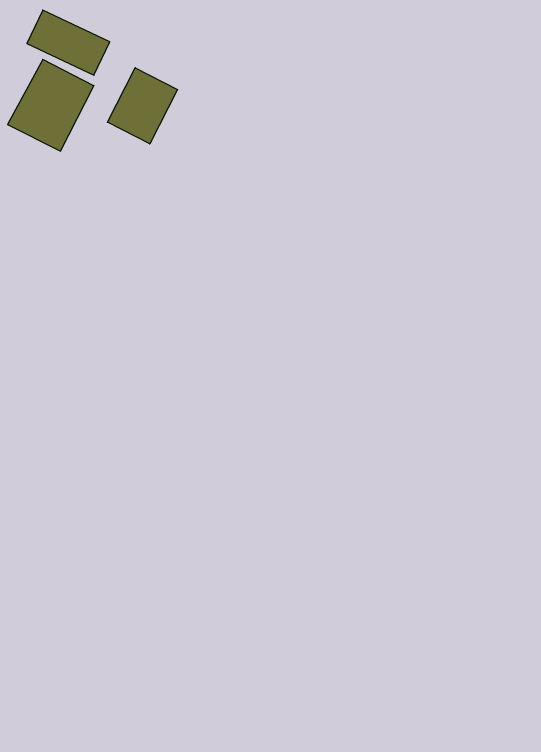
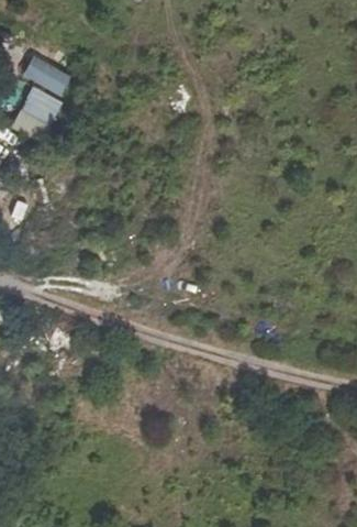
building: [107,68,178,144] -> none

